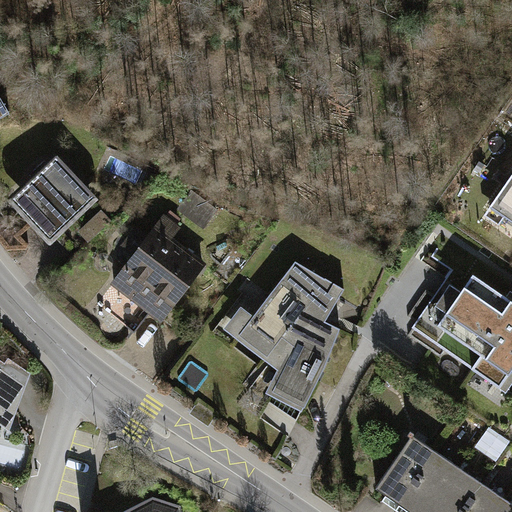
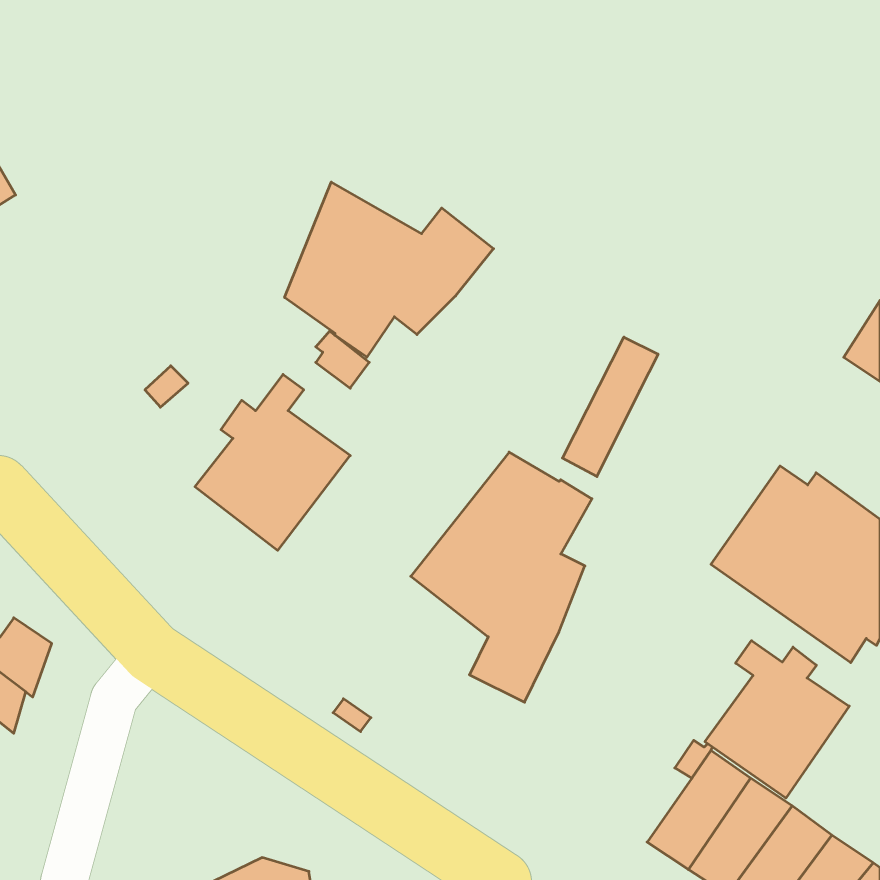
building: none -> [285,182,494,357]
building: [13,159,93,239] -> none
building: none -> [562,337,658,477]
building: none -> [705,641,849,798]

